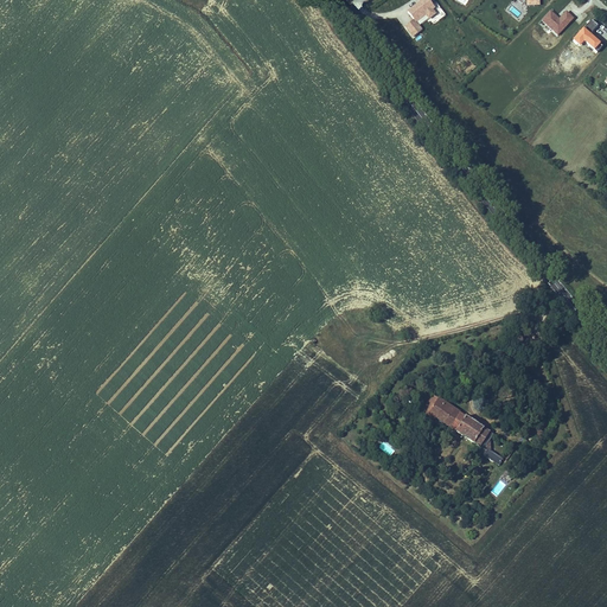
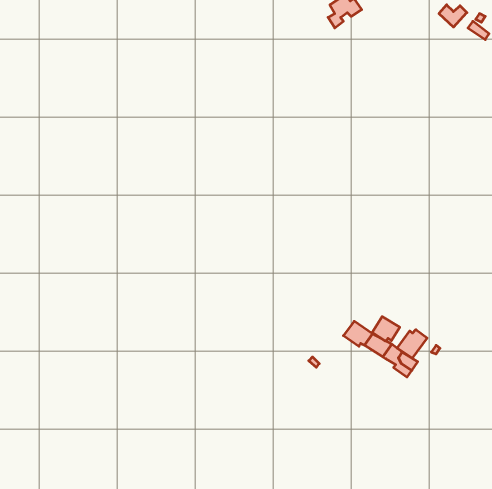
building: none -> [372,317,400,341]
building: none -> [397,330,427,358]

